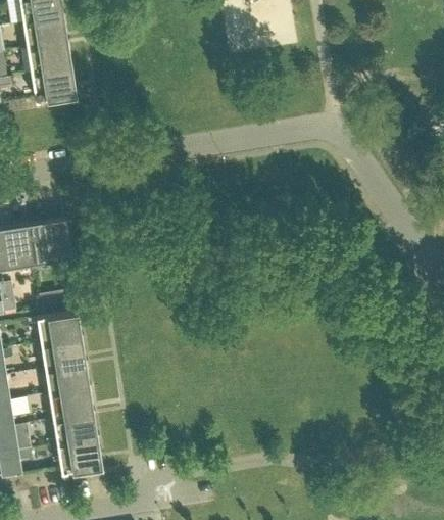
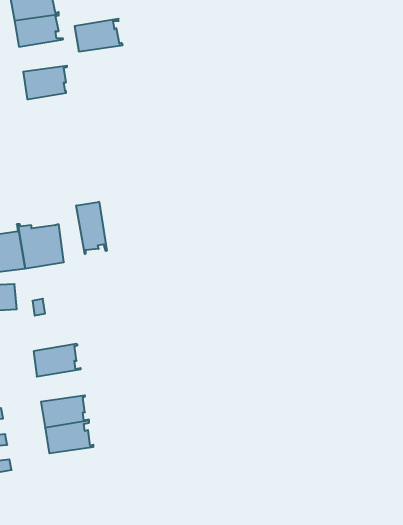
building: [28,43,75,75] -> [75,19,123,51]
building: none -> [76,202,107,254]
building: [37,313,84,346] -> none
building: [45,364,92,395] -> none
building: [57,439,100,472] -> none

